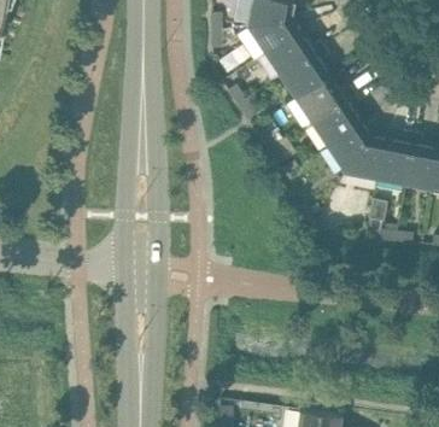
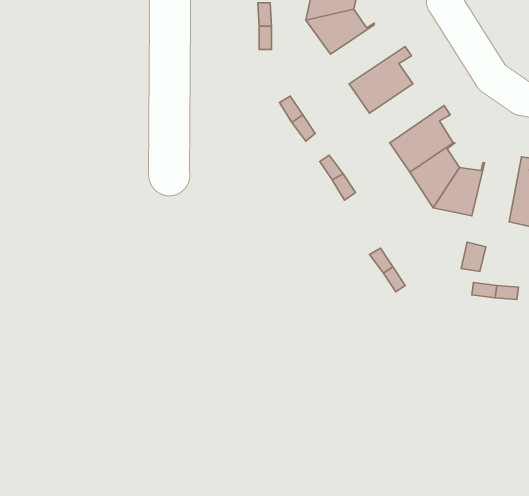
building: [265,31,323,77] -> none
building: [295,77,353,123] -> none
building: [375,133,414,185] -> none

